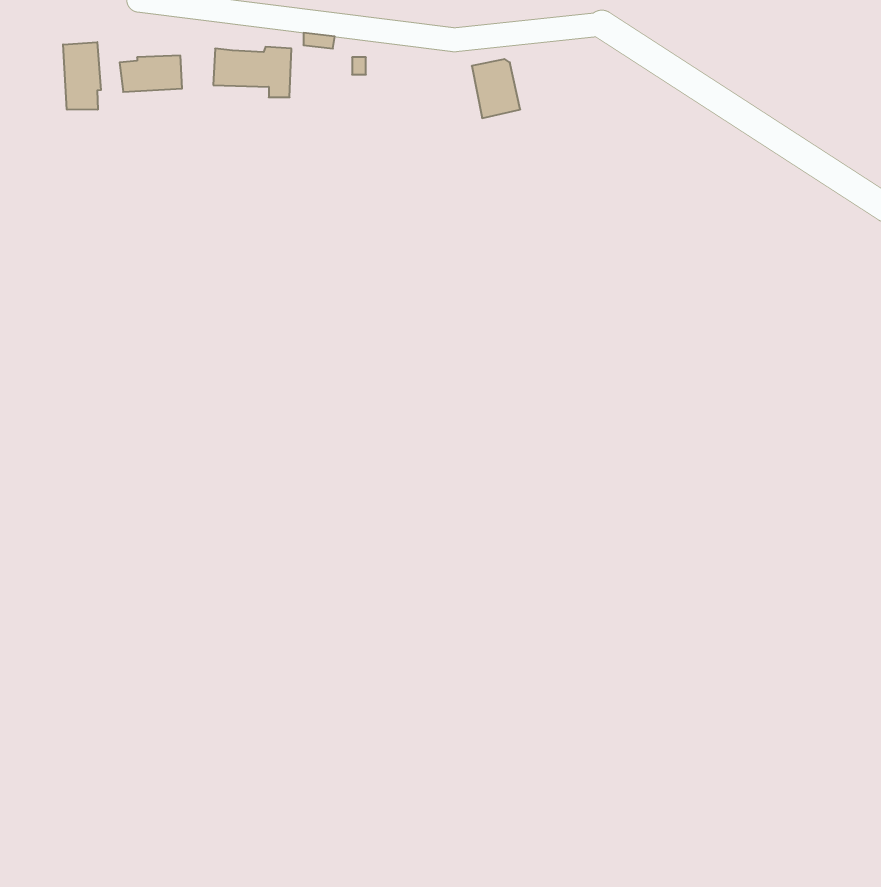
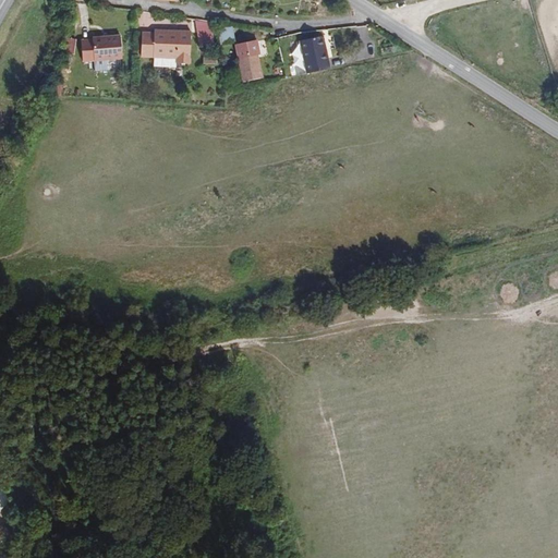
building: [63,42,101,110] -> none
building: none -> [236,43,265,84]

